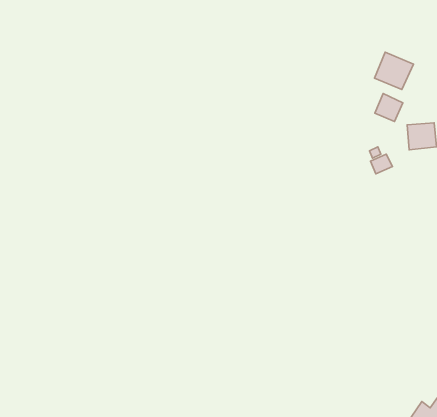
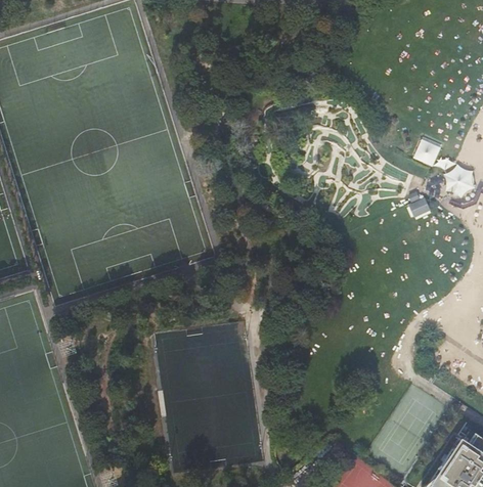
building: [375,52,414,90] -> none

